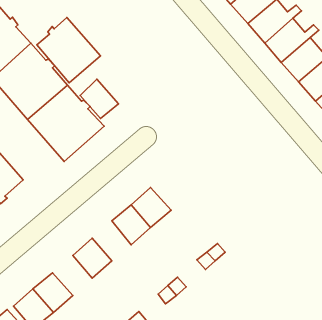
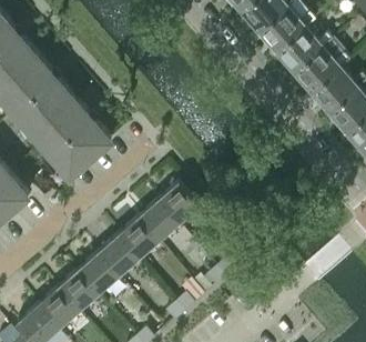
building: [37,17,100,83] -> none
building: [80,79,118,119] -> none
building: none -> [159,182,200,223]
building: none -> [99,234,139,275]
building: none -> [58,270,99,311]

